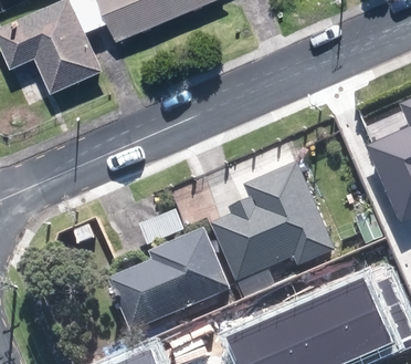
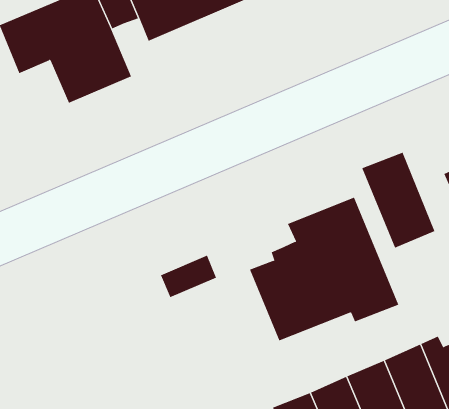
building: none -> [362,152,435,248]
building: [104,229,228,333] -> none

